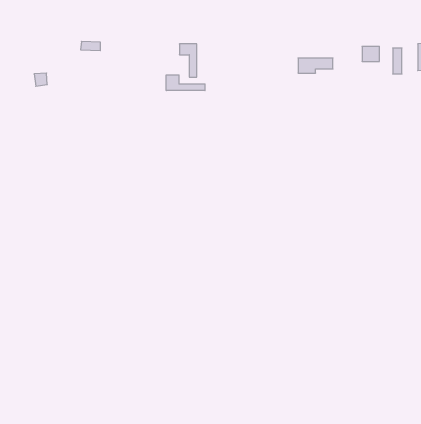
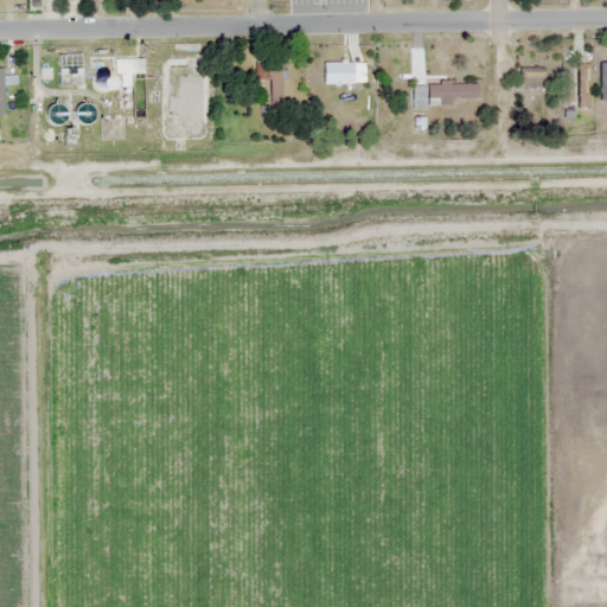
building: none -> [328,63,358,84]
building: [166,75,205,91] -> none

